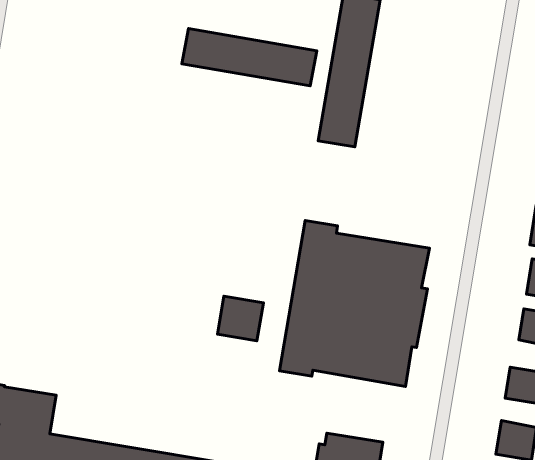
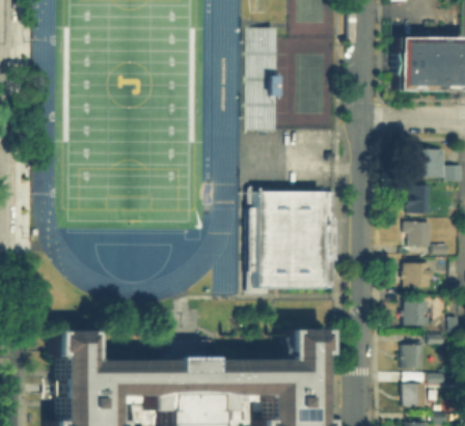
building: [182,29,317,86] -> none
building: [217,296,263,341] -> none

